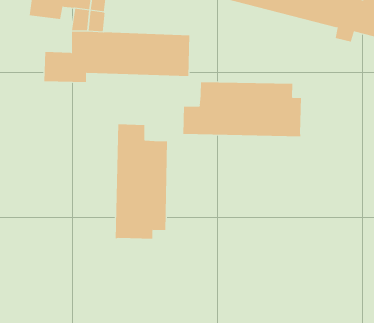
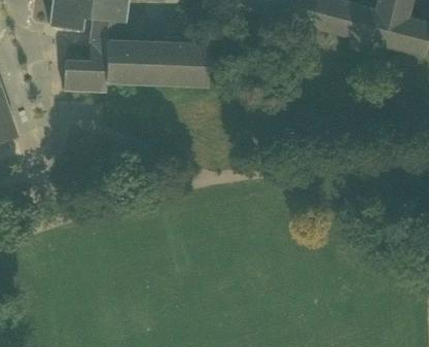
building: [183,82,302,137] -> none
building: [115,124,168,240] -> none

